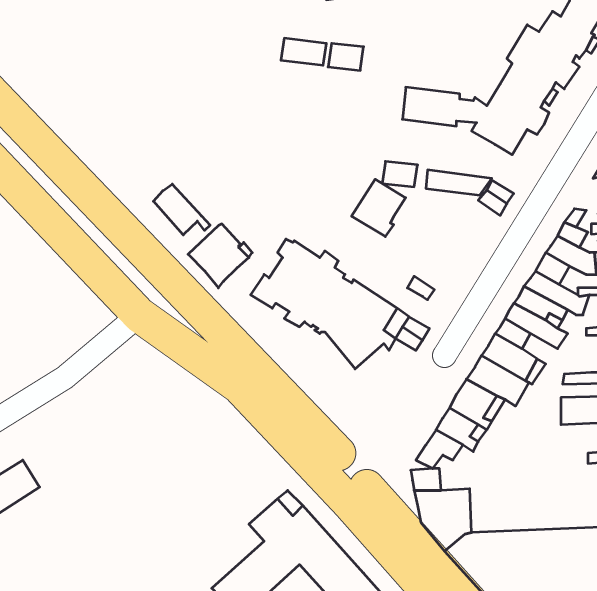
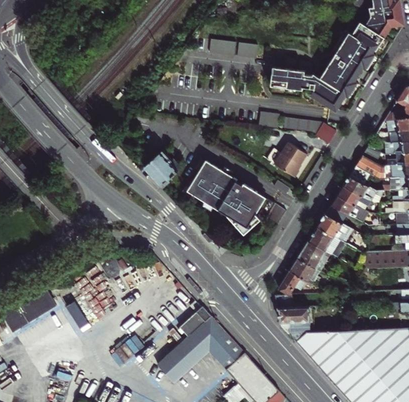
building: [352,179,406,237] -> [275,144,307,178]
building: [153,184,210,235] -> none

